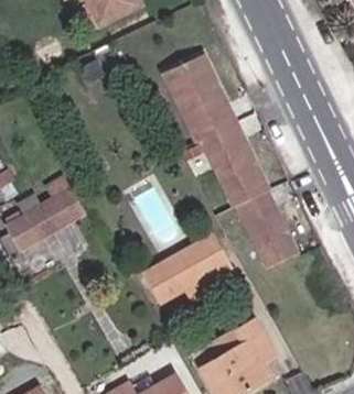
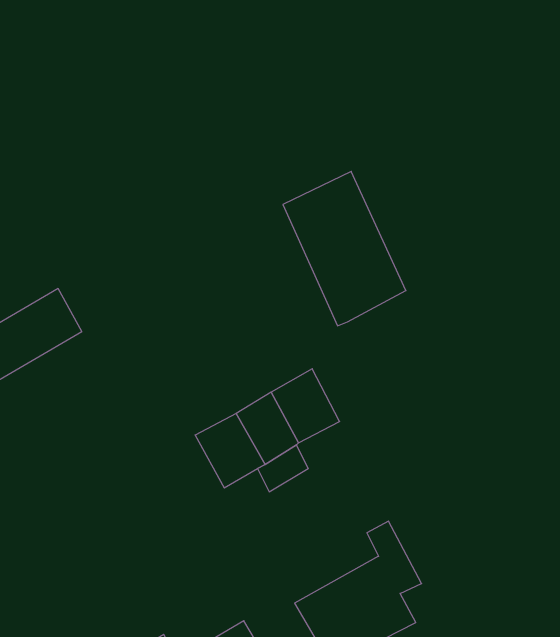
building: [158,54,234,143] -> none
building: [232,189,294,269] -> none

